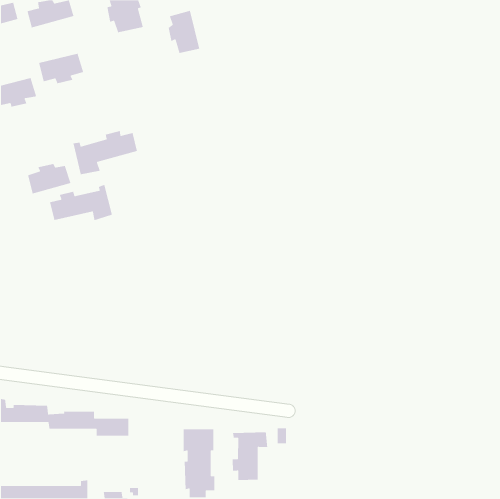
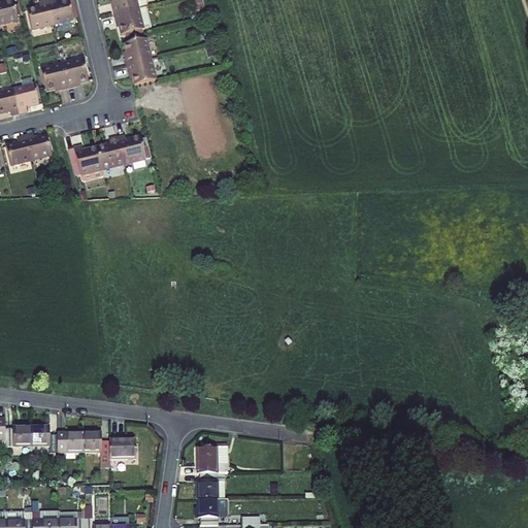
building: [168,10,200,54] -> [121,41,155,88]
building: [27,163,71,194] -> [5,132,52,165]
building: [49,184,113,221] -> none
building: [232,432,268,481] -> none

